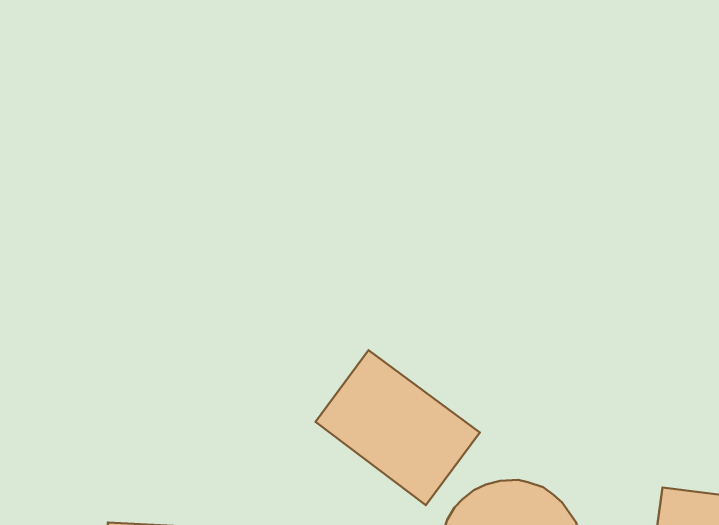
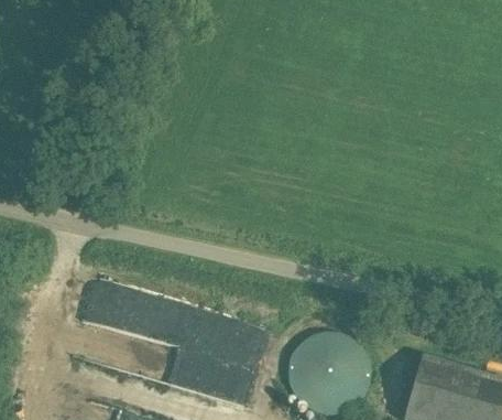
building: [315,350,480,505] -> none

